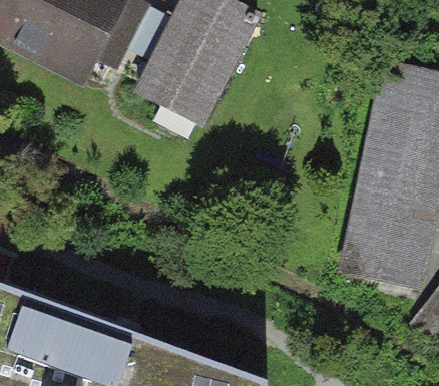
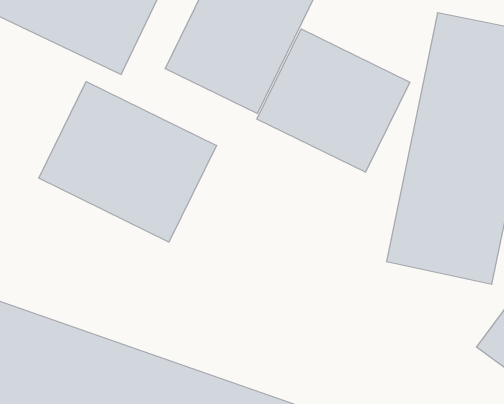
building: none -> [257,29,410,172]
building: none -> [39,82,217,242]

